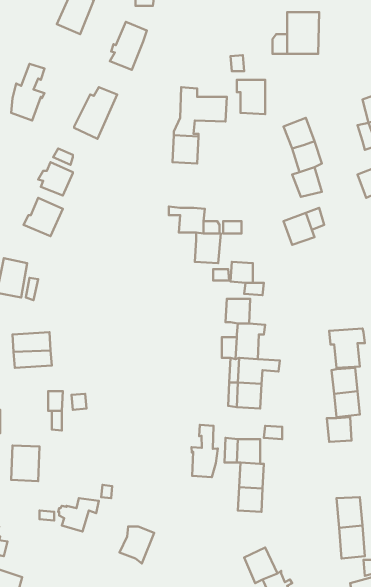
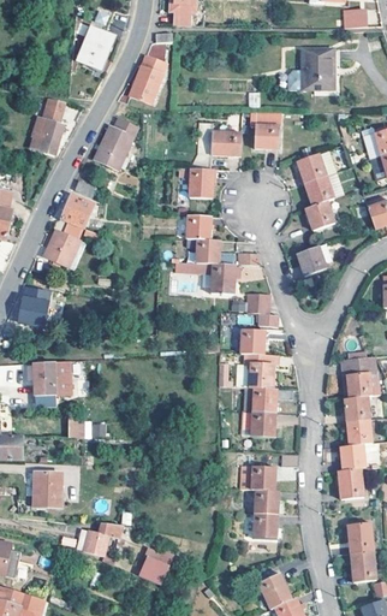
building: none -> [186,215,213,239]
building: [192,425,218,477] -> none
building: none -> [339,468,364,499]

